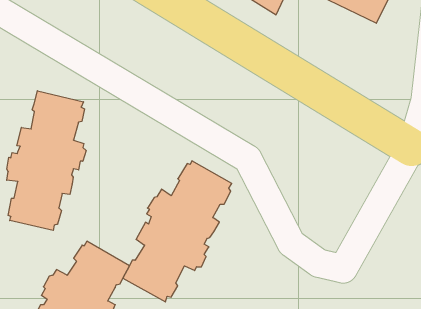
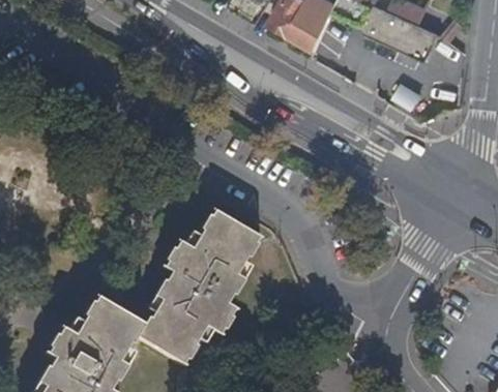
building: [7,91,86,230] -> none

